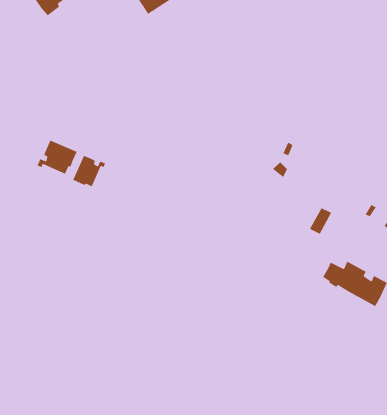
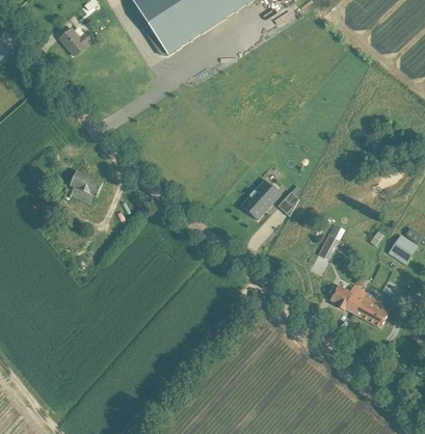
building: none -> [241,179,281,219]
building: [72,155,106,187] -> none

